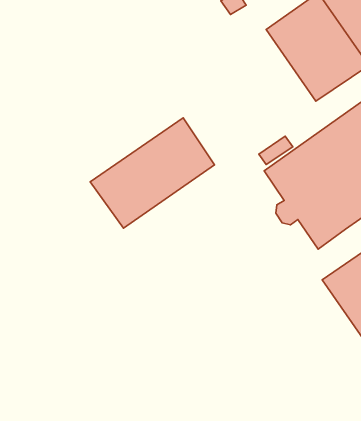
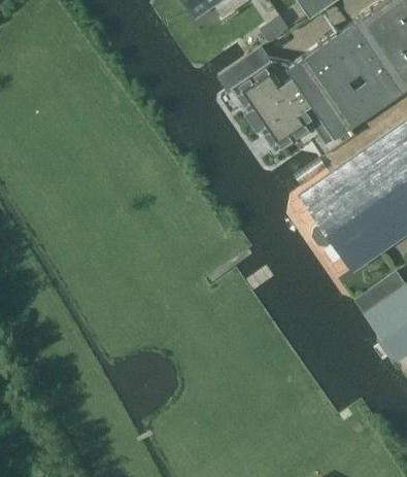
building: none -> [219,49,350,152]
building: [90,118,215,228] -> none

